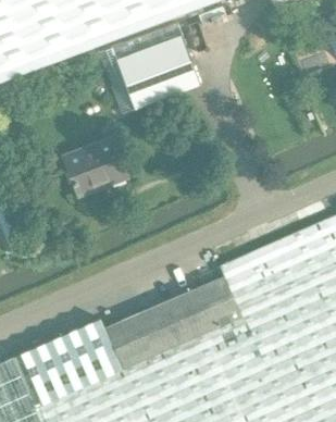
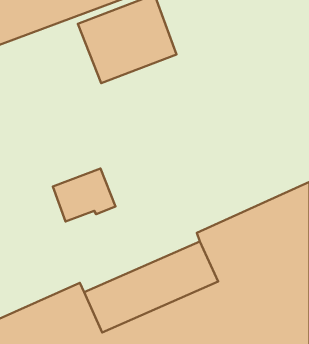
building: [63,138,127,193] -> [53,168,115,221]

